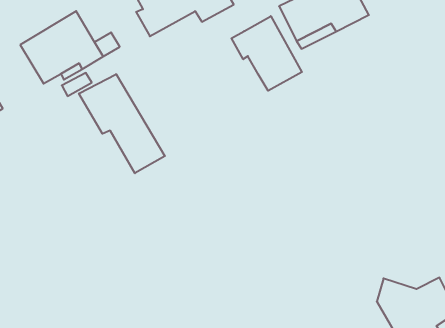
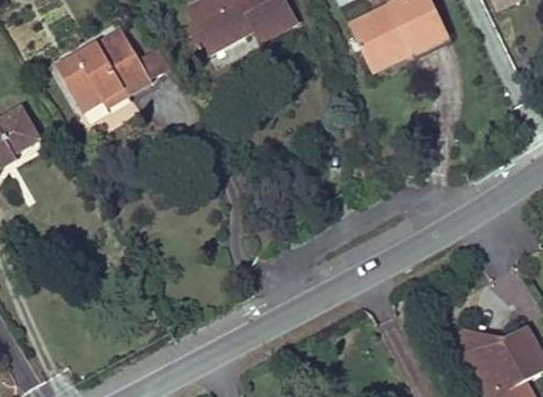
building: [231,16,302,91] -> none
building: [79,74,165,173] -> none

